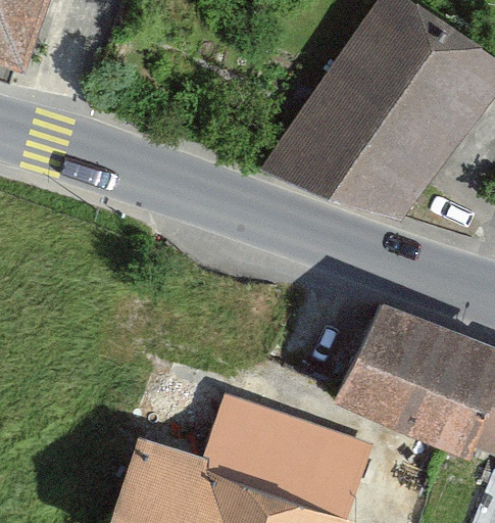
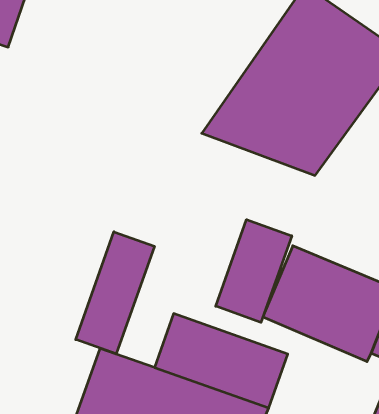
building: none -> [216,220,292,322]
building: none -> [76,232,154,354]

